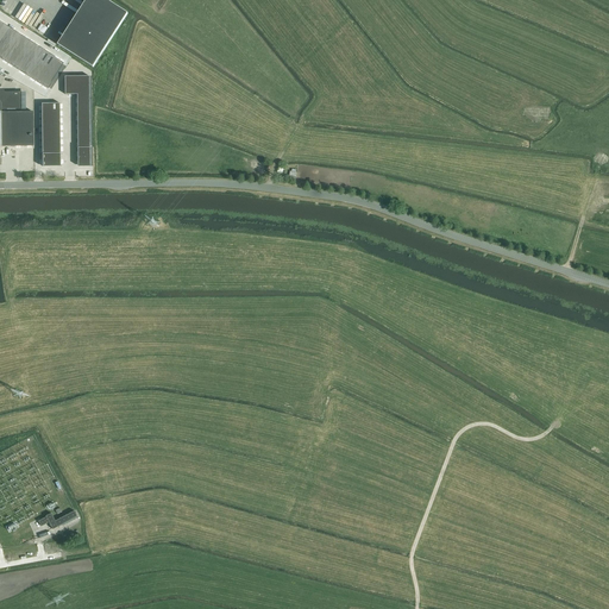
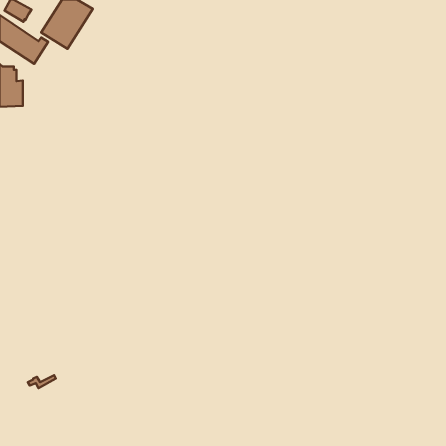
building: [64,75,89,164] -> none
building: [39,100,59,163] -> none

